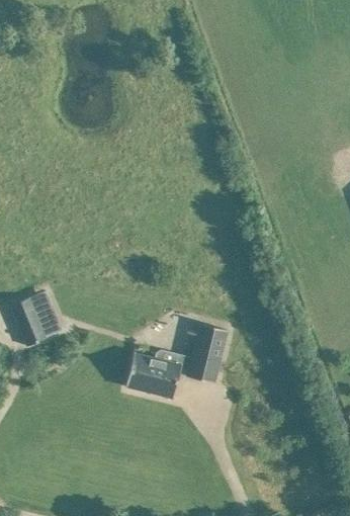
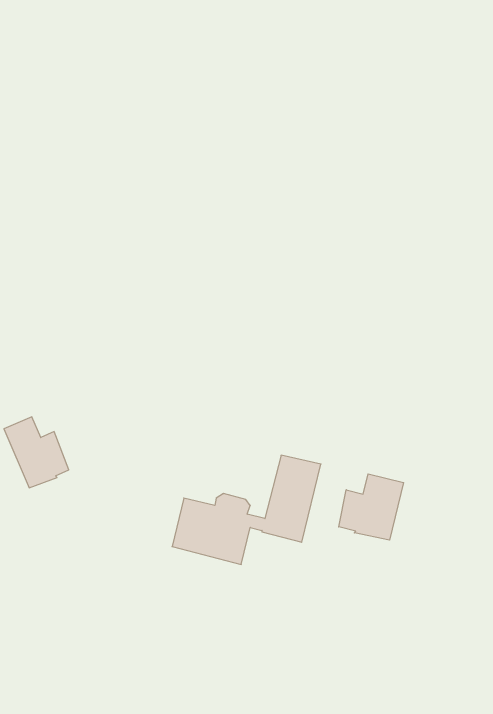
building: none -> [339,474,404,540]

